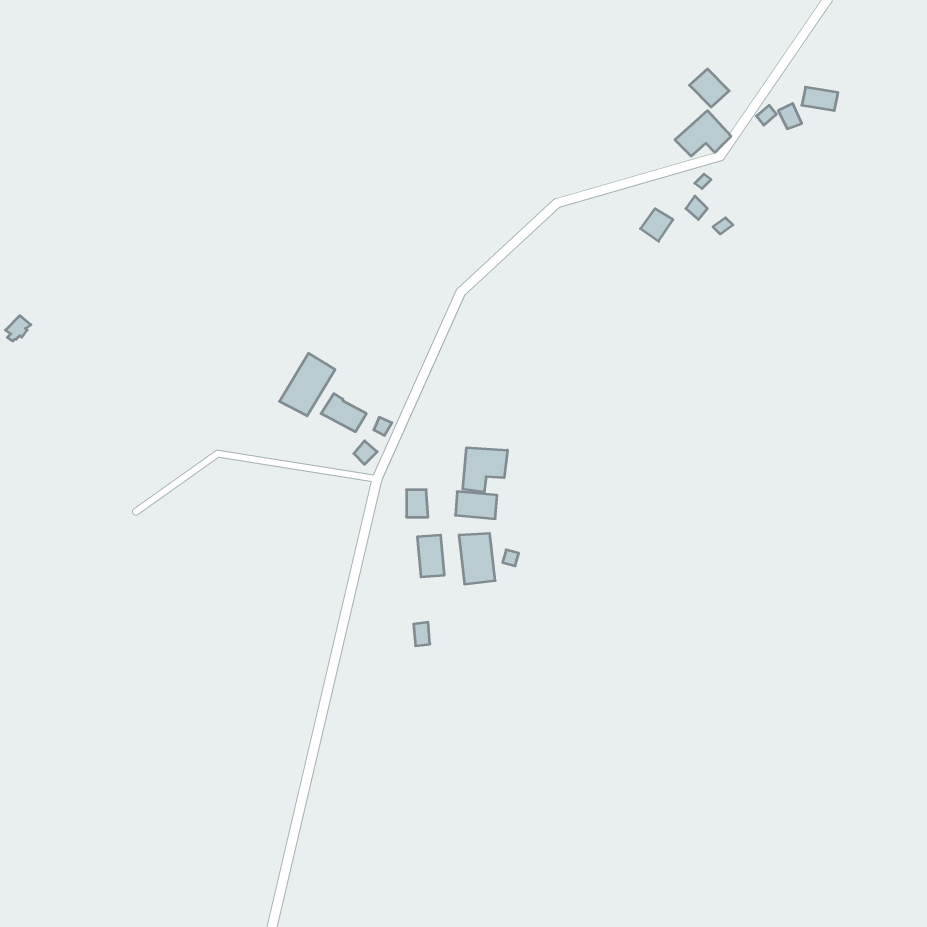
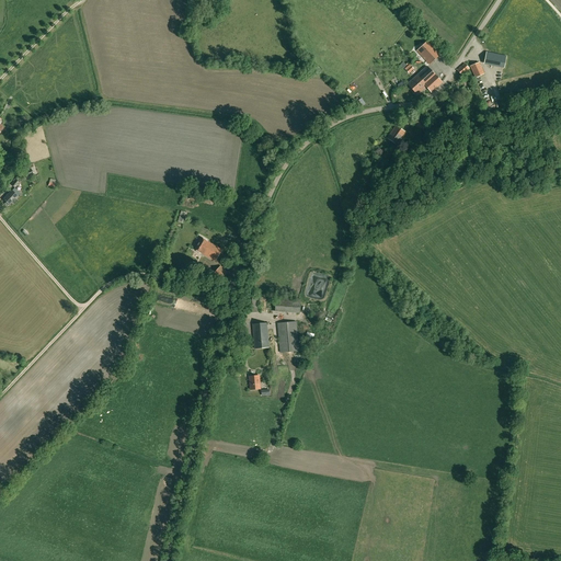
building: [279,353,335,416] -> none
building: [463,448,507,492] -> none

